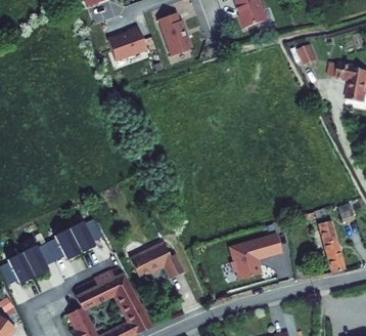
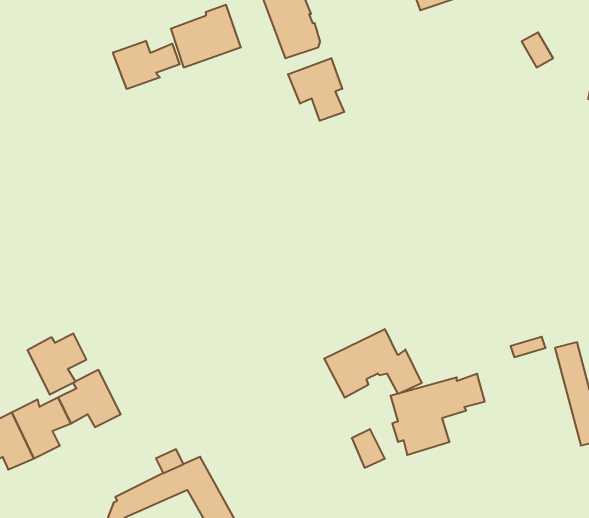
building: none -> [113,41,180,89]
building: none -> [288,58,344,121]
building: [66,219,99,253] -> [27,334,86,395]
building: [131,242,185,280] -> [324,329,422,397]

